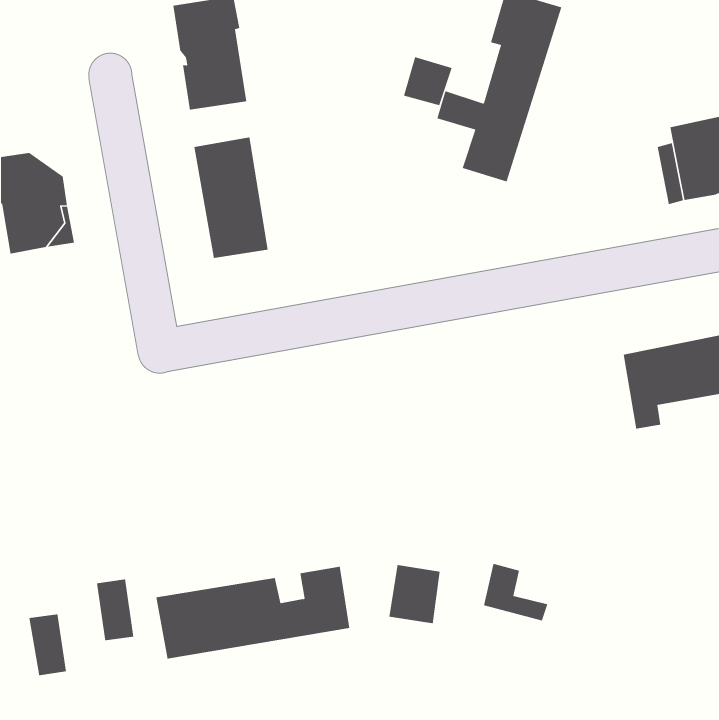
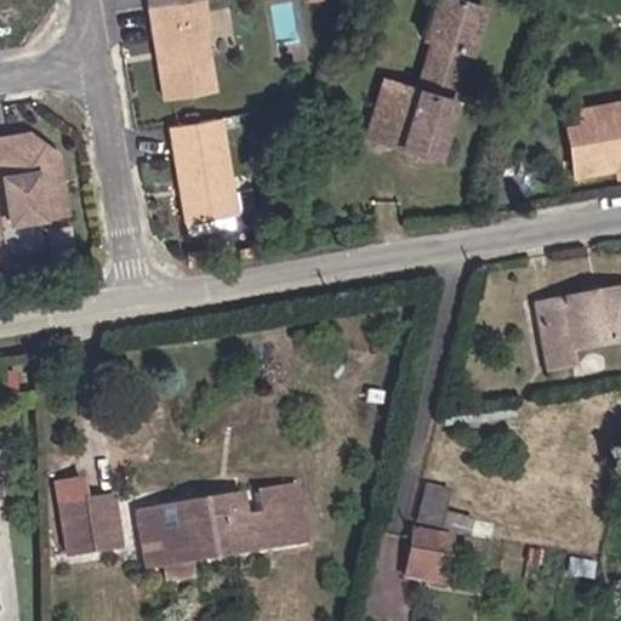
building: [403,56,452,106] -> [368,102,410,144]
building: [388,565,441,624] -> [405,530,450,581]
building: [29,614,67,676] -> [59,501,92,554]

